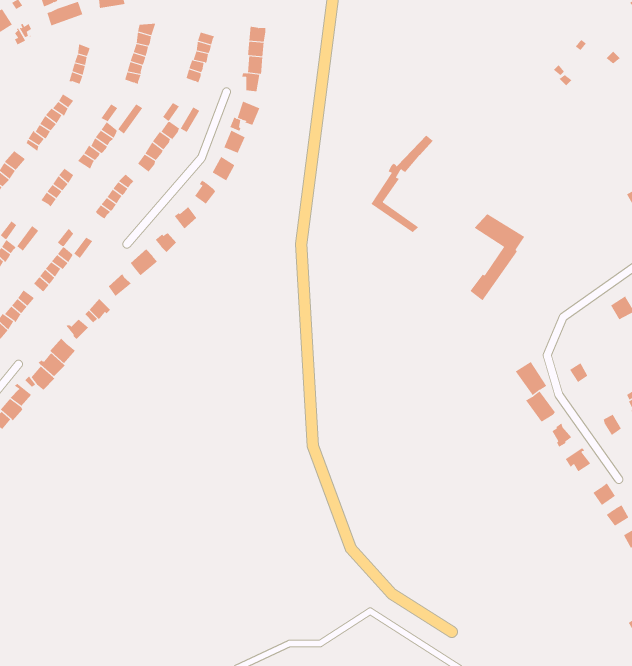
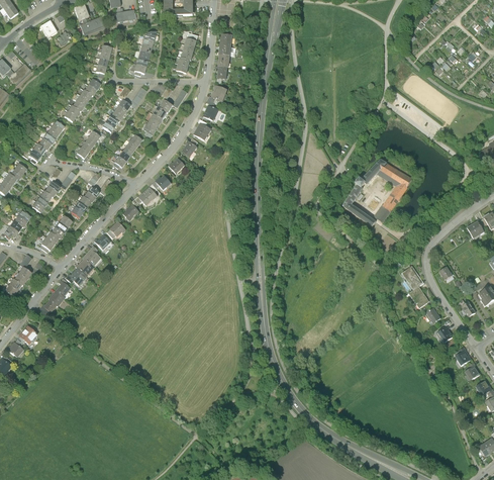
building: [370,135,433,233] -> [341,158,385,225]

